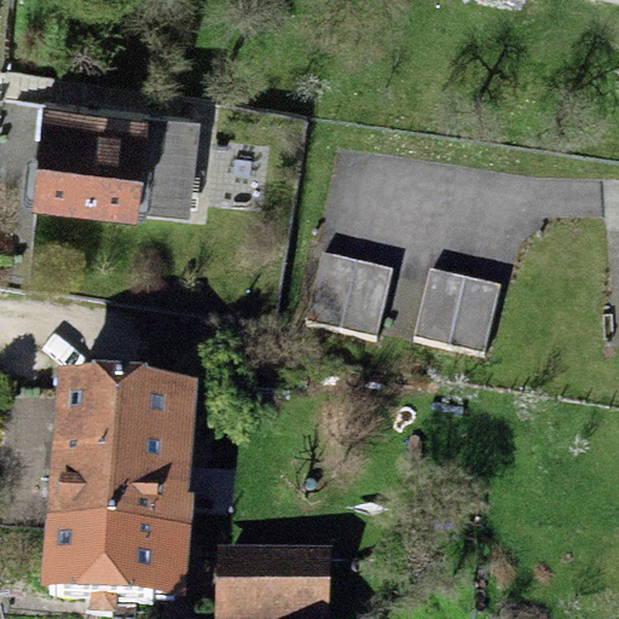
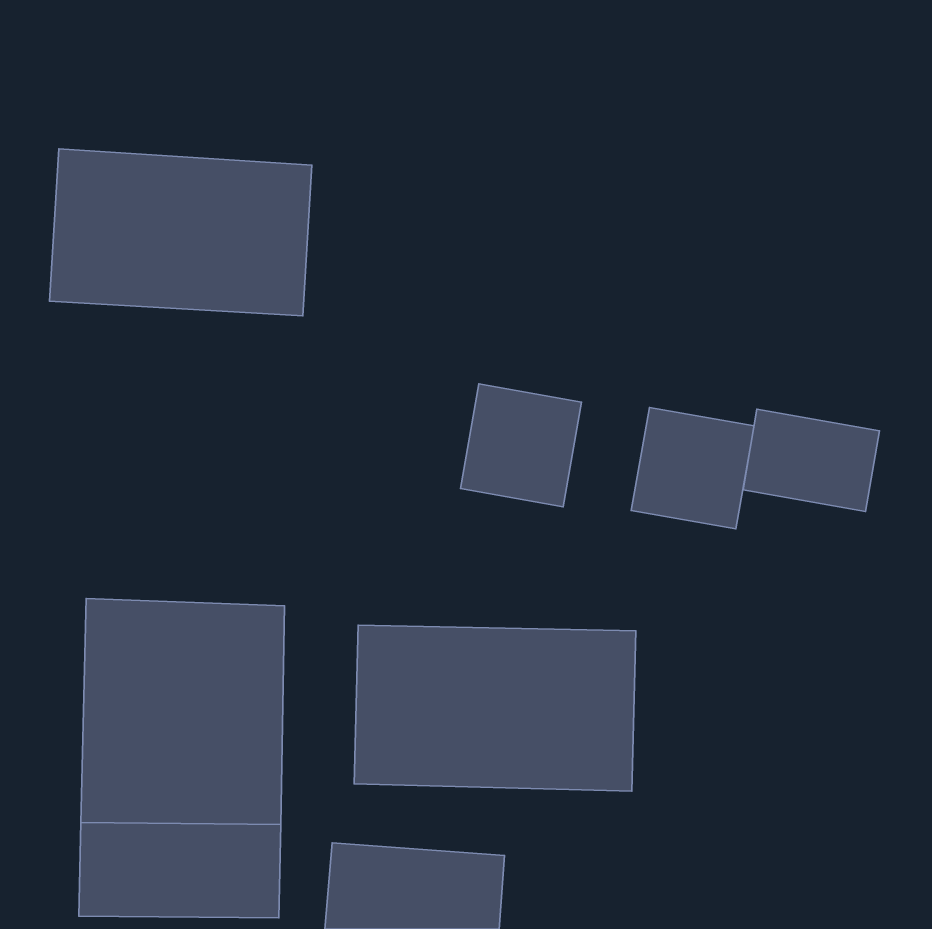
building: none -> [743,409,879,511]
building: none -> [354,625,636,791]

